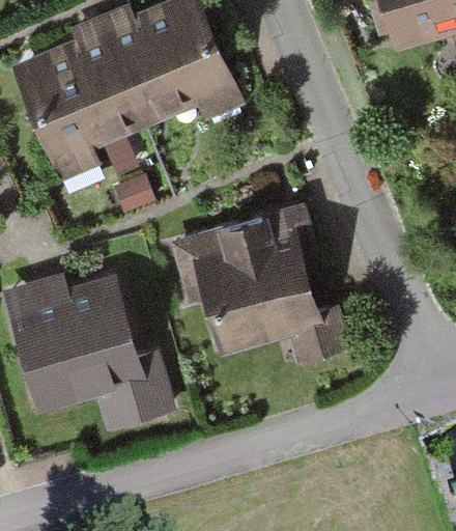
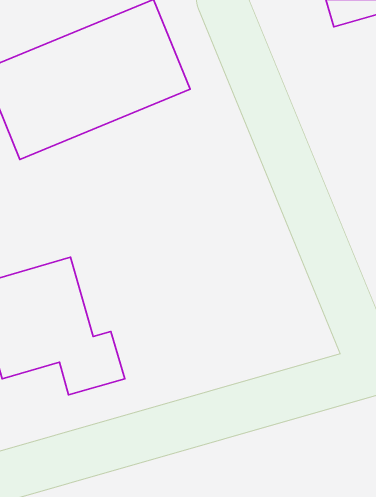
building: [172,199,343,356] -> none

